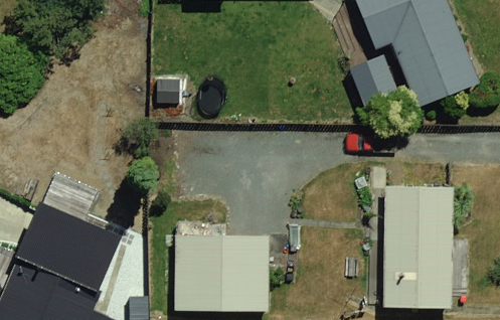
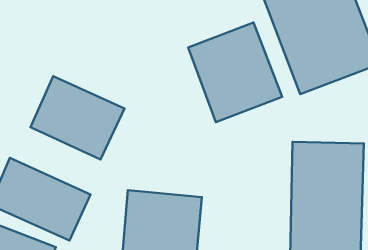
building: none -> [188,23,282,122]
building: none -> [30,76,124,160]

